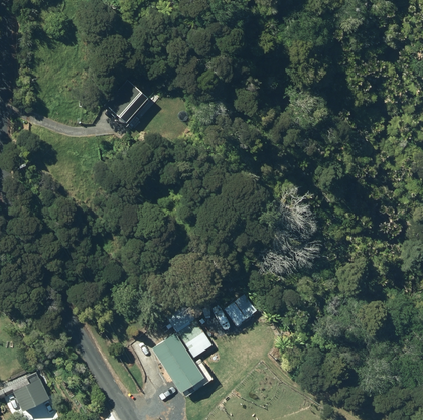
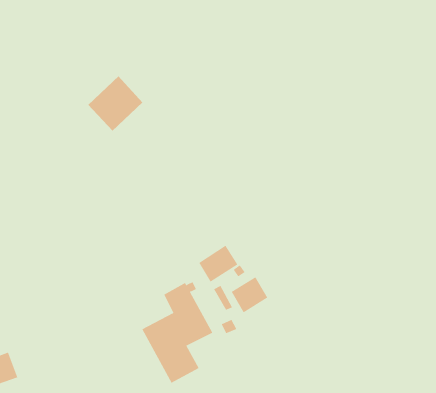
building: [104,79,151,127] -> [88,76,143,132]
building: none -> [198,245,238,282]

